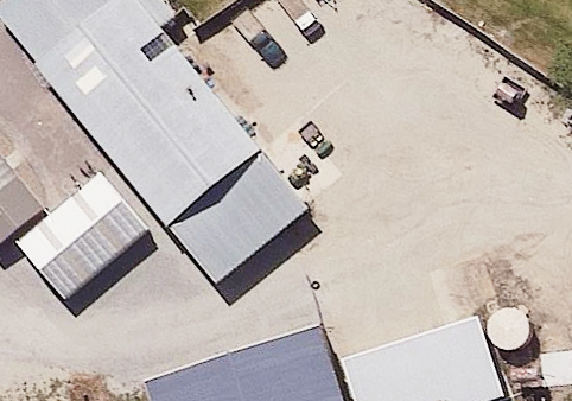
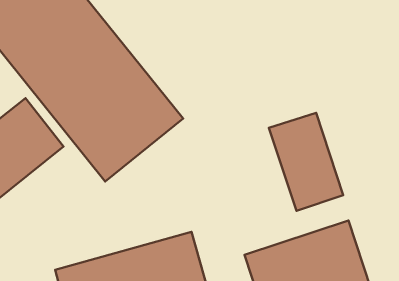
building: none -> [269,113,343,211]

